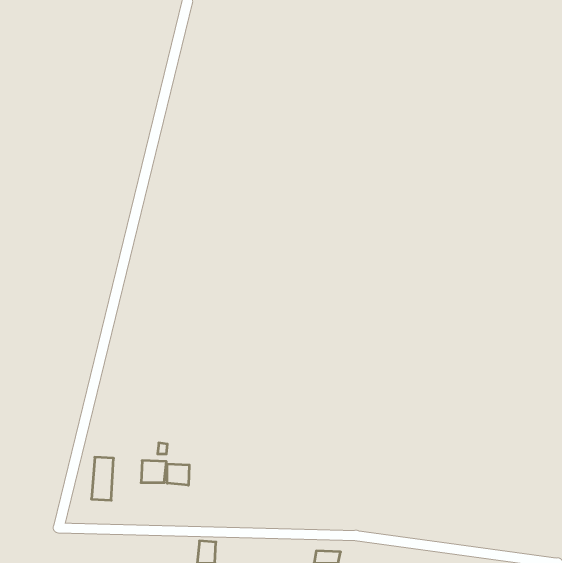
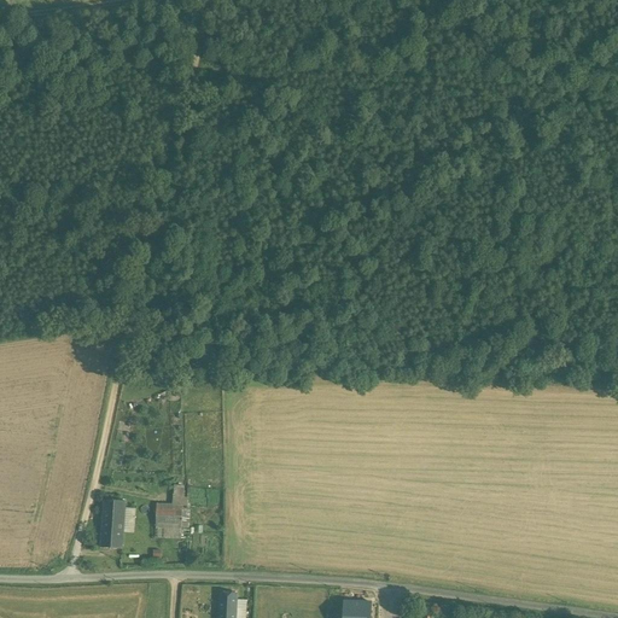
building: [167,464,189,485] -> none

